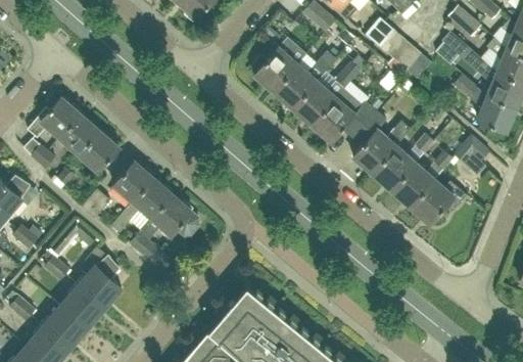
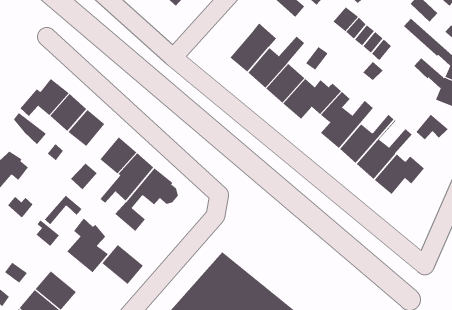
building: [59,285,105,329] -> [102,244,144,285]

